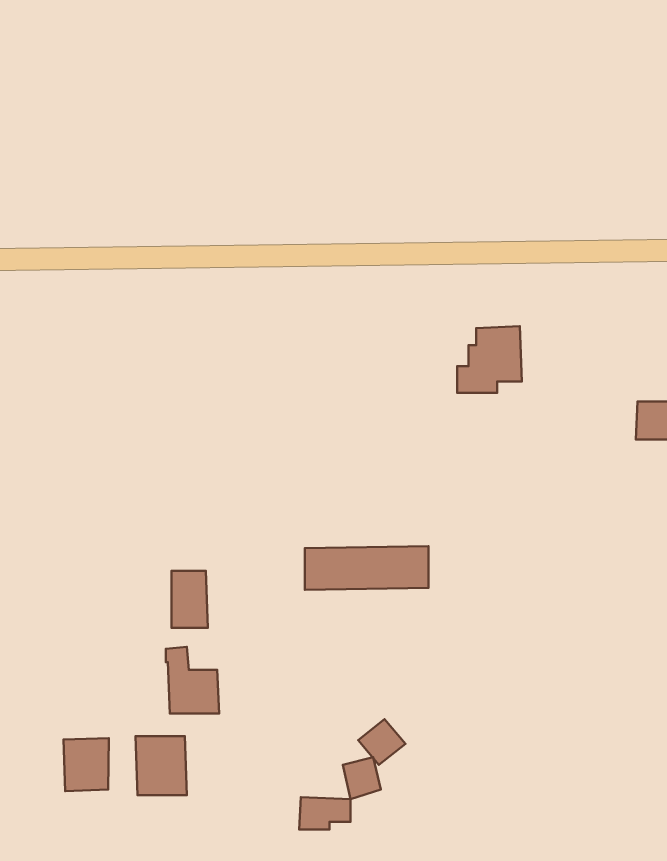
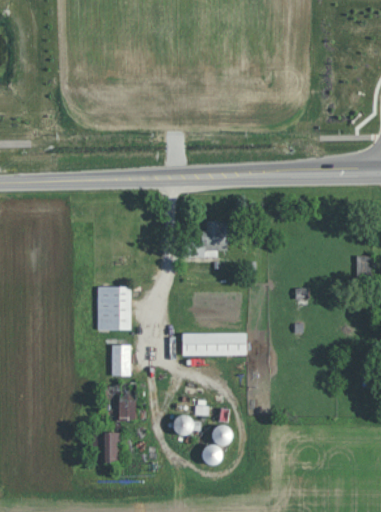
building: [457,326,522,393] -> [196,222,230,257]
building: none -> [98,287,131,331]
building: [63,738,109,791] -> none
building: [299,797,350,830] -> [174,418,201,435]

